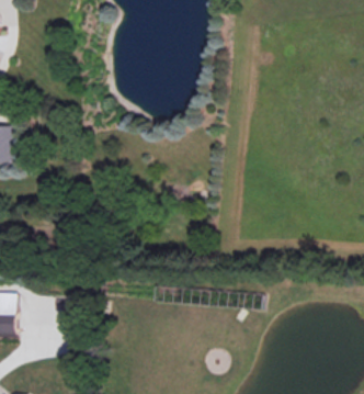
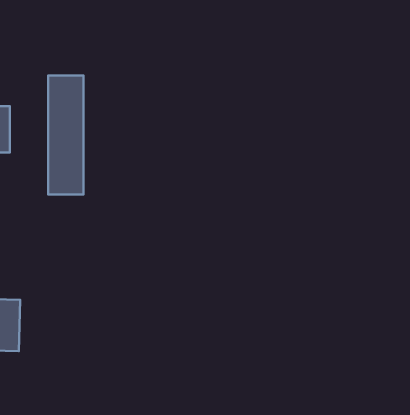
building: none -> [48,75,83,194]

